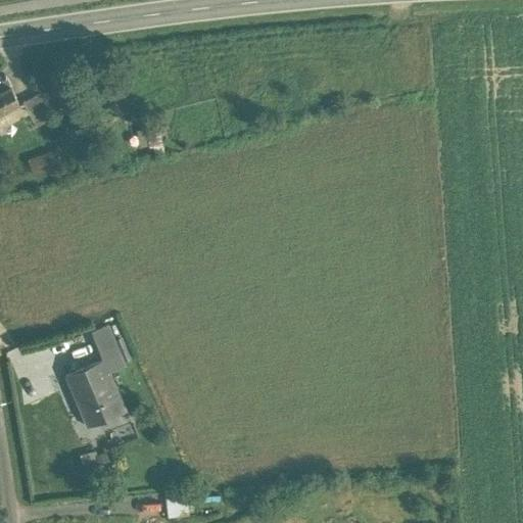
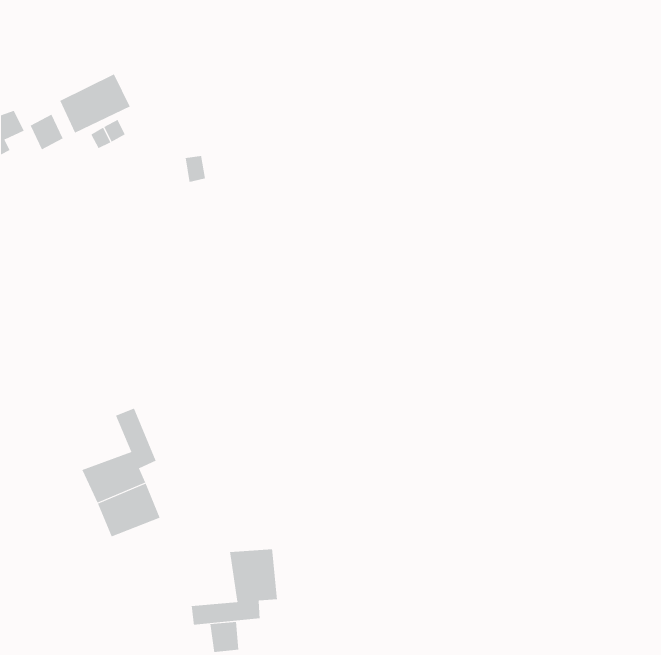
building: none -> [59,73,130,133]
building: none -> [191,549,277,626]

